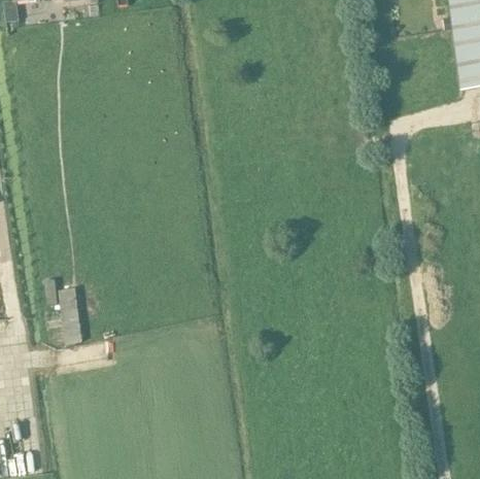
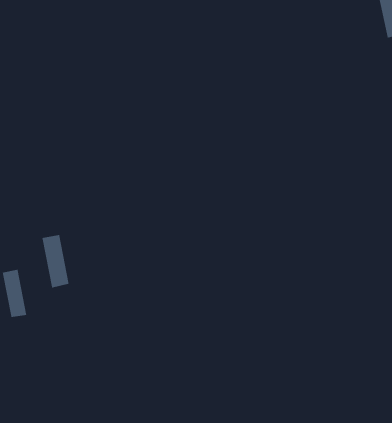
building: none -> [42,234,69,288]

